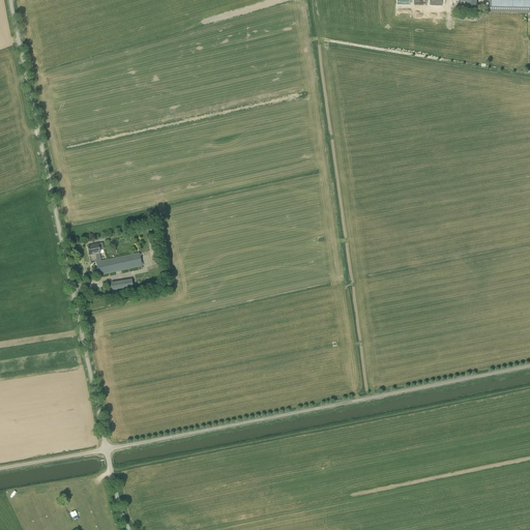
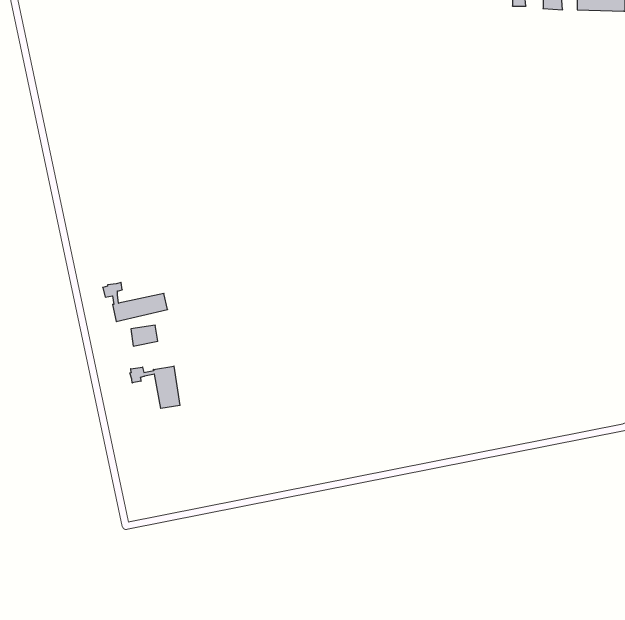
building: none -> [130,366,180,408]

